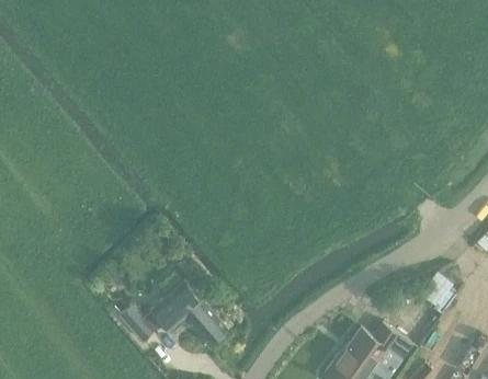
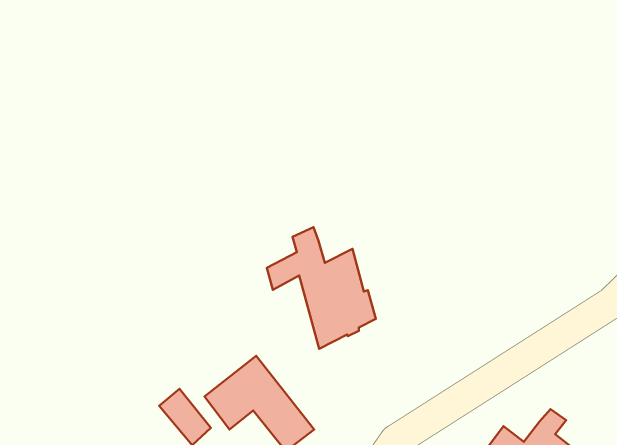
building: none -> [267,227,376,349]

